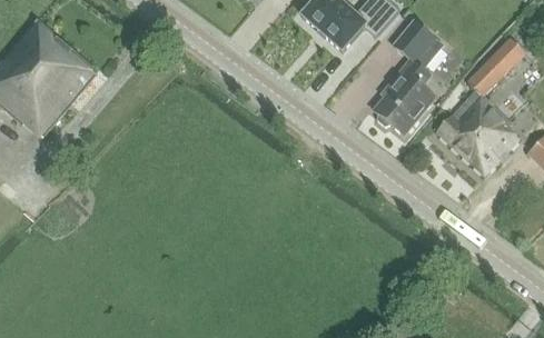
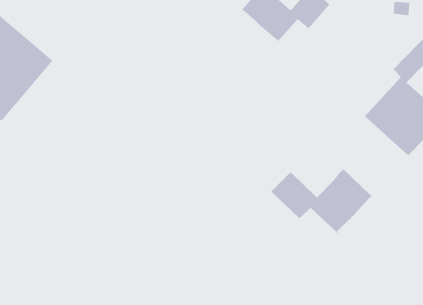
building: [374,20,443,133] -> none
building: none -> [271,169,372,234]

